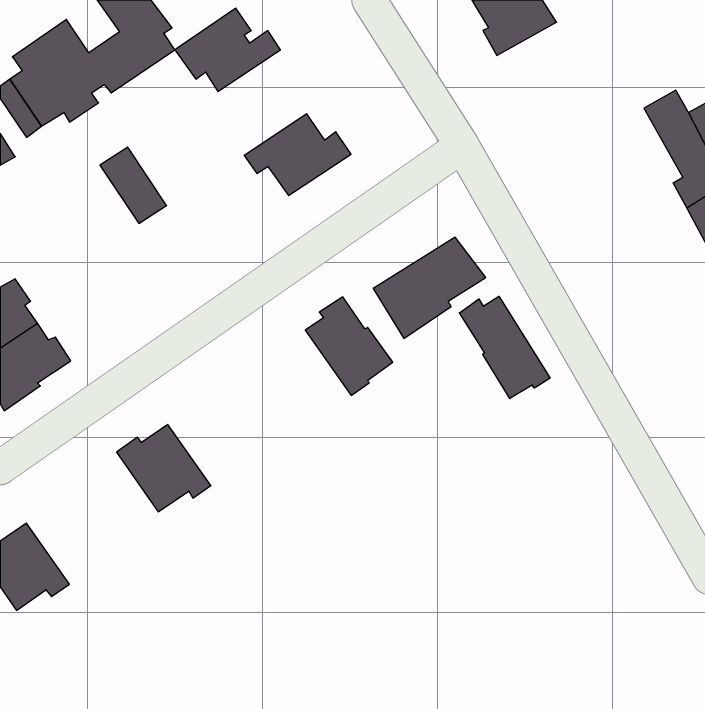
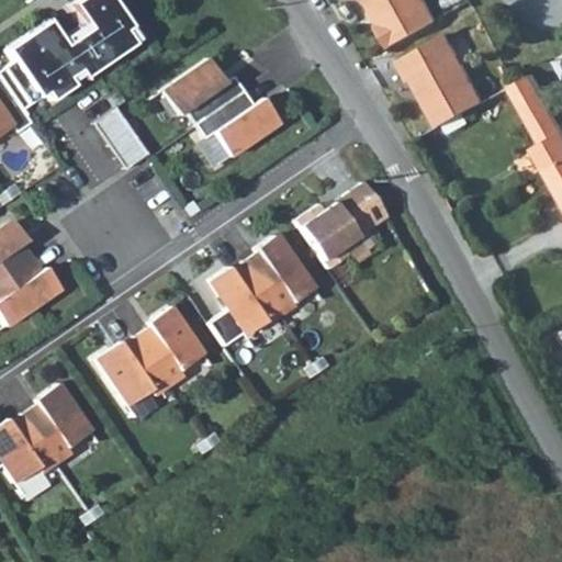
building: [175,8,280,92] -> [162,57,246,123]
building: none -> [404,33,491,124]
building: [459,296,550,399] -> none
building: none -> [209,261,281,345]
building: none -> [136,305,204,384]
building: none -> [24,382,92,462]

